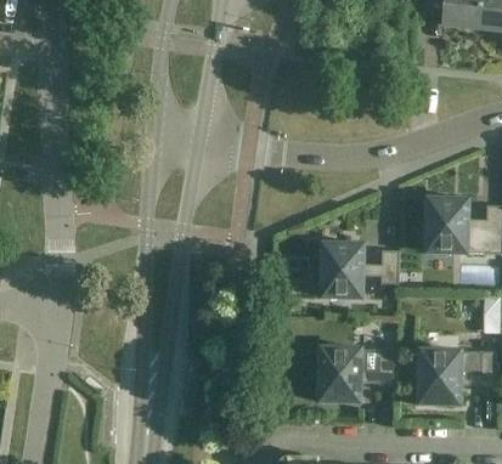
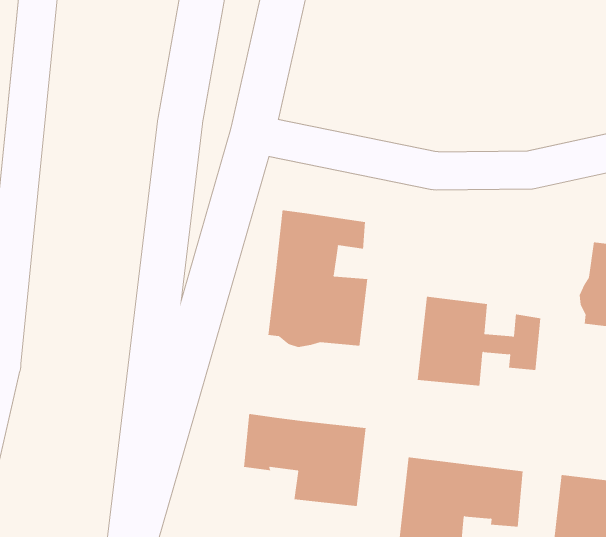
building: none -> [268,209,368,348]
building: none -> [243,413,366,507]

